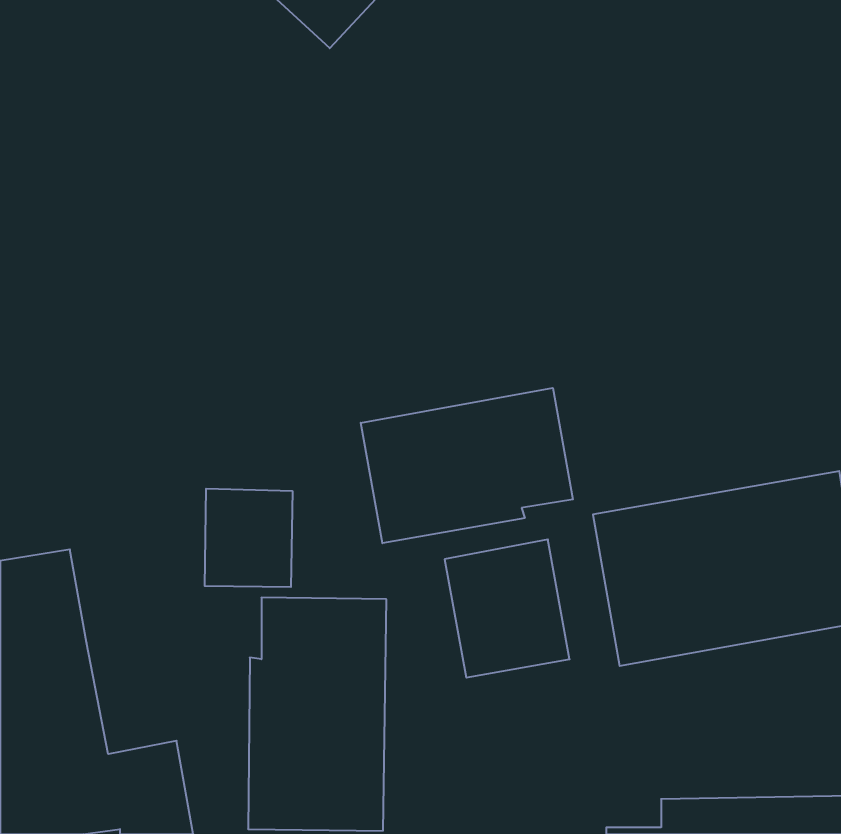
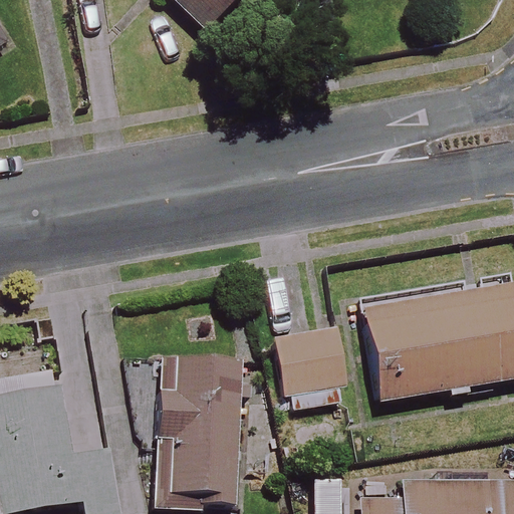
building: [361,388,573,543] -> none
building: [205,489,292,587] -> none

